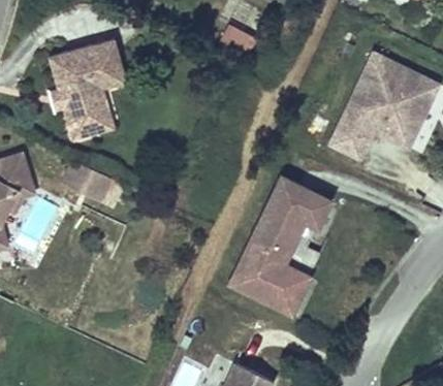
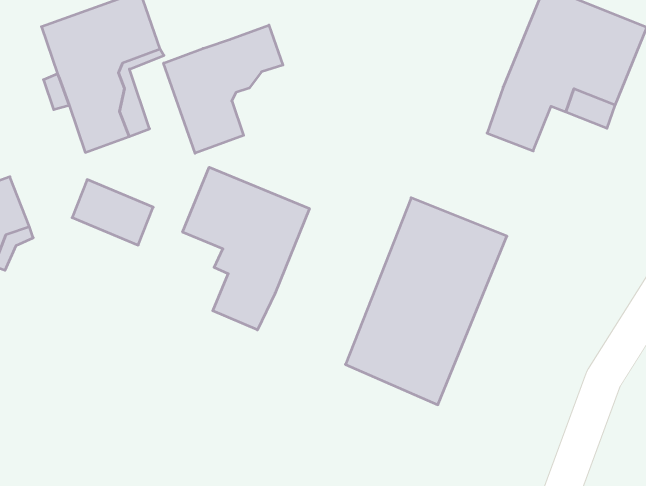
building: none -> [164,25,283,153]
building: none -> [183,167,309,330]

